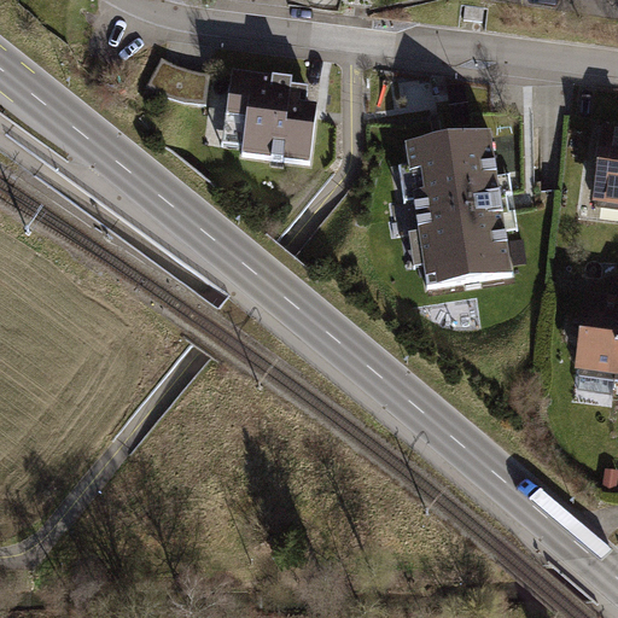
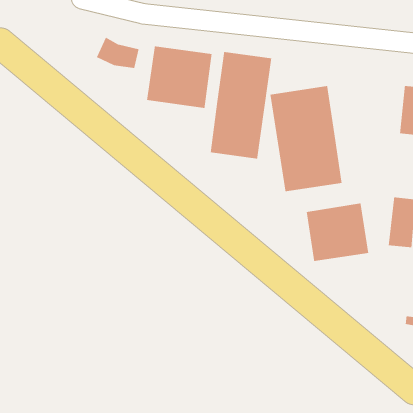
building: none -> [210,51,272,160]
building: none -> [306,202,369,262]

